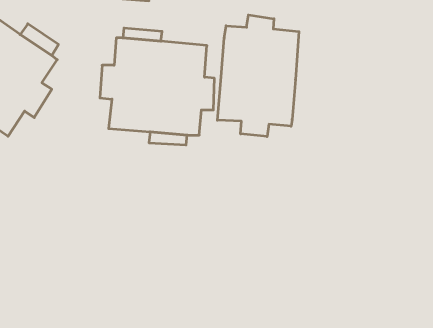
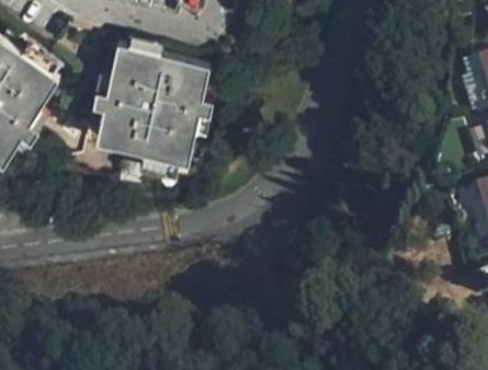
building: [217,15,299,137] -> none

